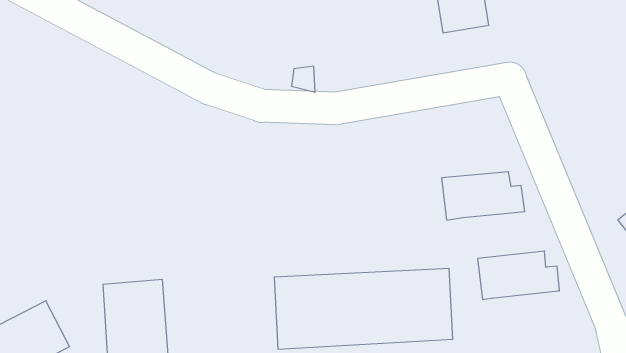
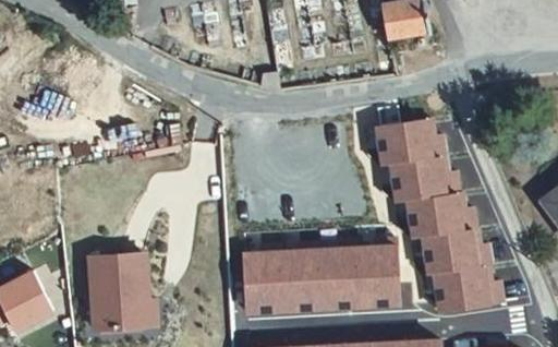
building: none -> [375,123,447,166]
building: none -> [407,194,478,237]
building: none -> [432,264,504,307]

